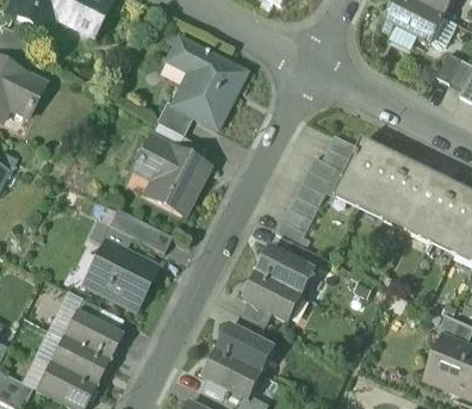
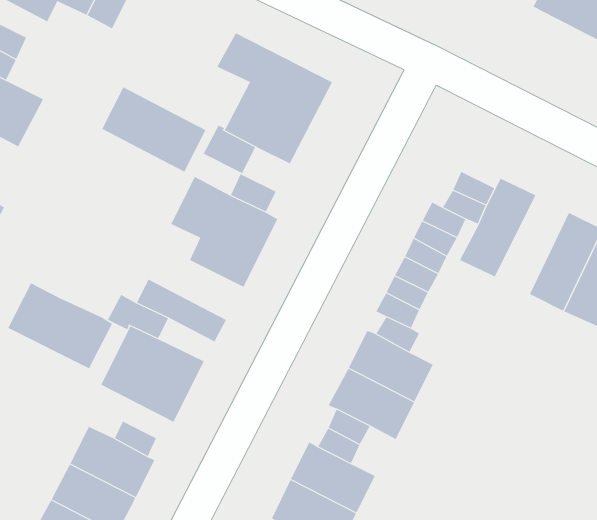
building: none -> [101,86,206,173]
building: [359,150,410,219] -> none
building: none -> [7,282,113,369]

